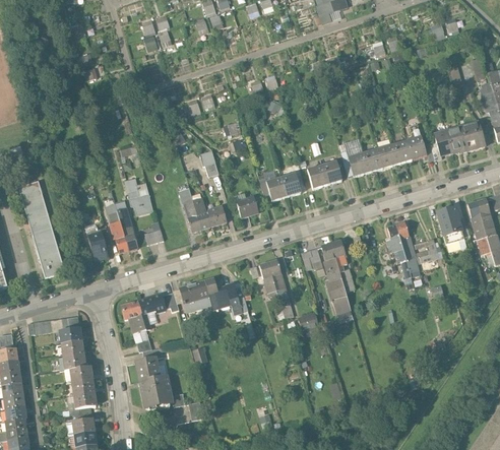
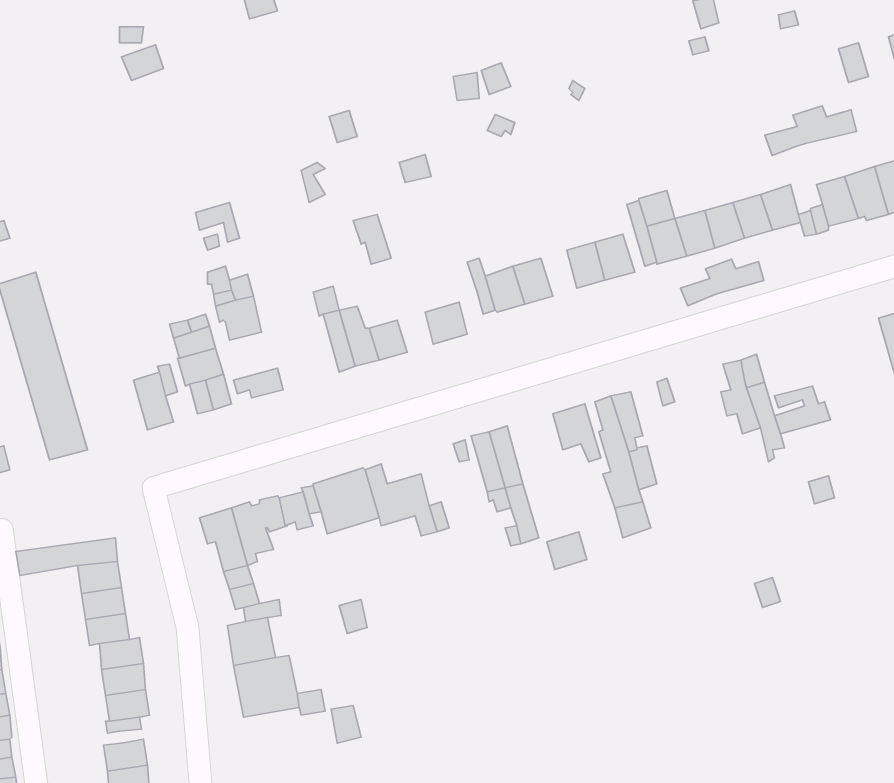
building: none -> [765,106,857,156]
building: none -> [680,259,764,306]
building: [436,208,464,245] -> none

